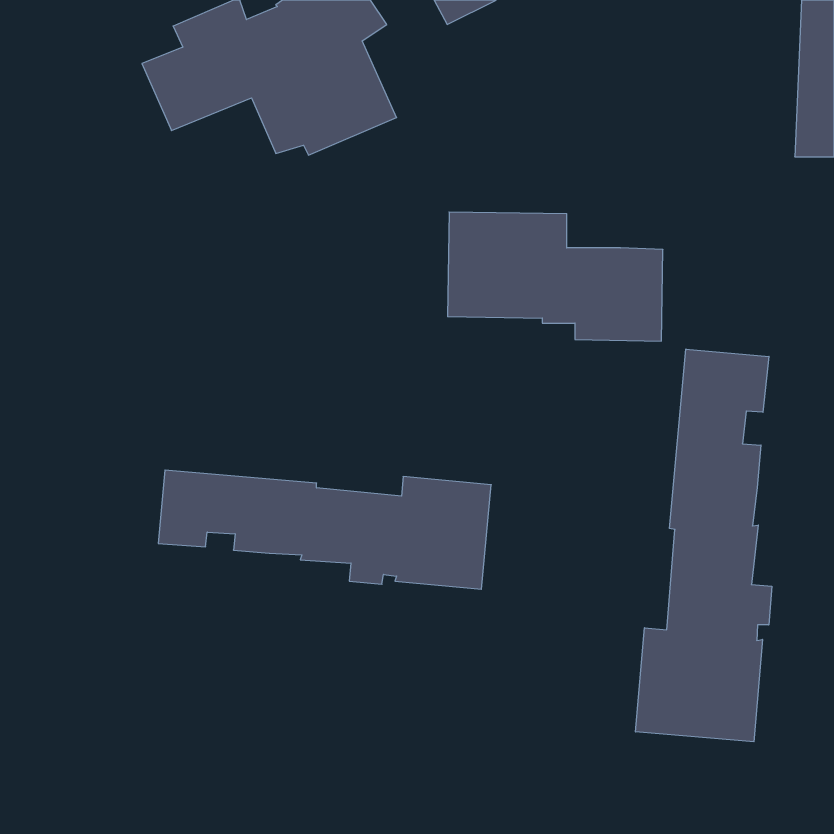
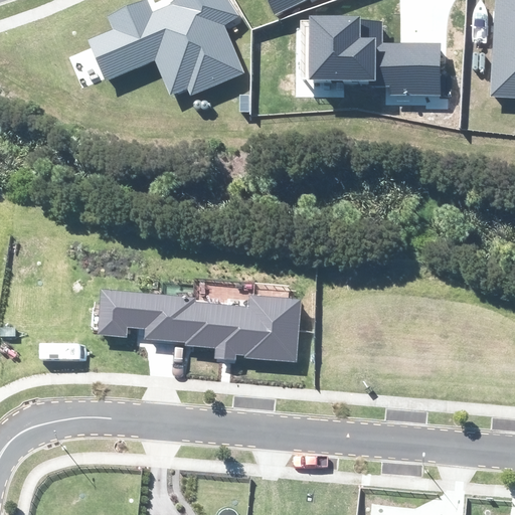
building: [448,212,663,341] -> [308,18,441,98]
building: [636,349,772,742] -> none

